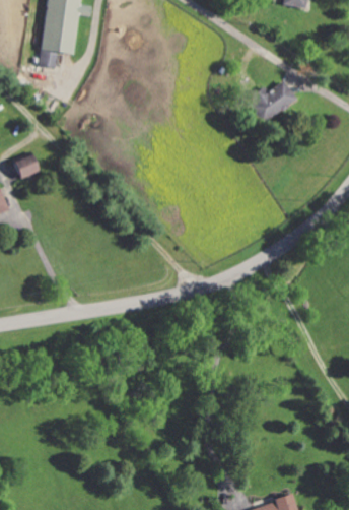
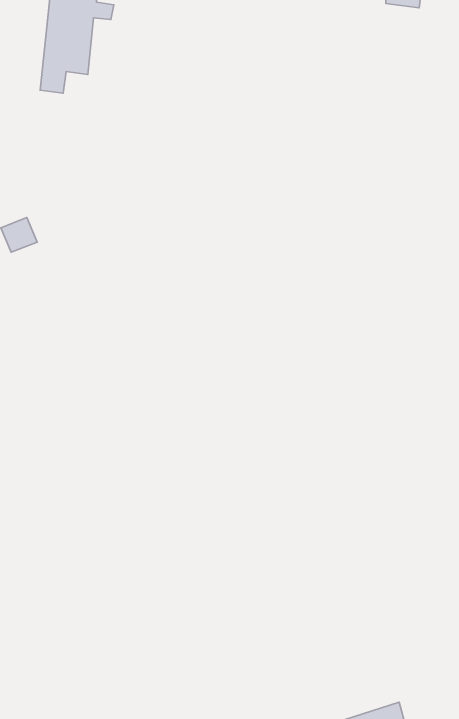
building: [247,80,296,124] -> none

